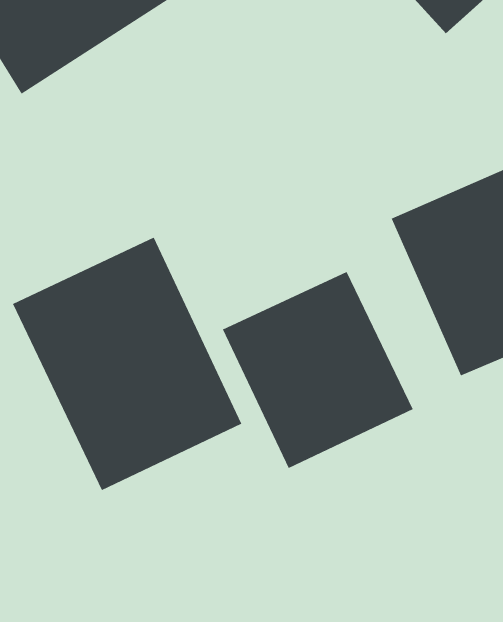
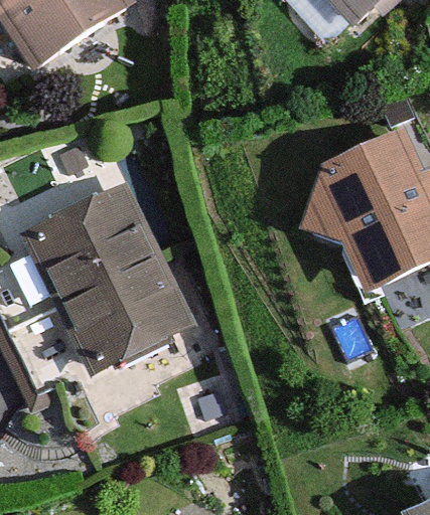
building: [222,271,414,469] -> none

